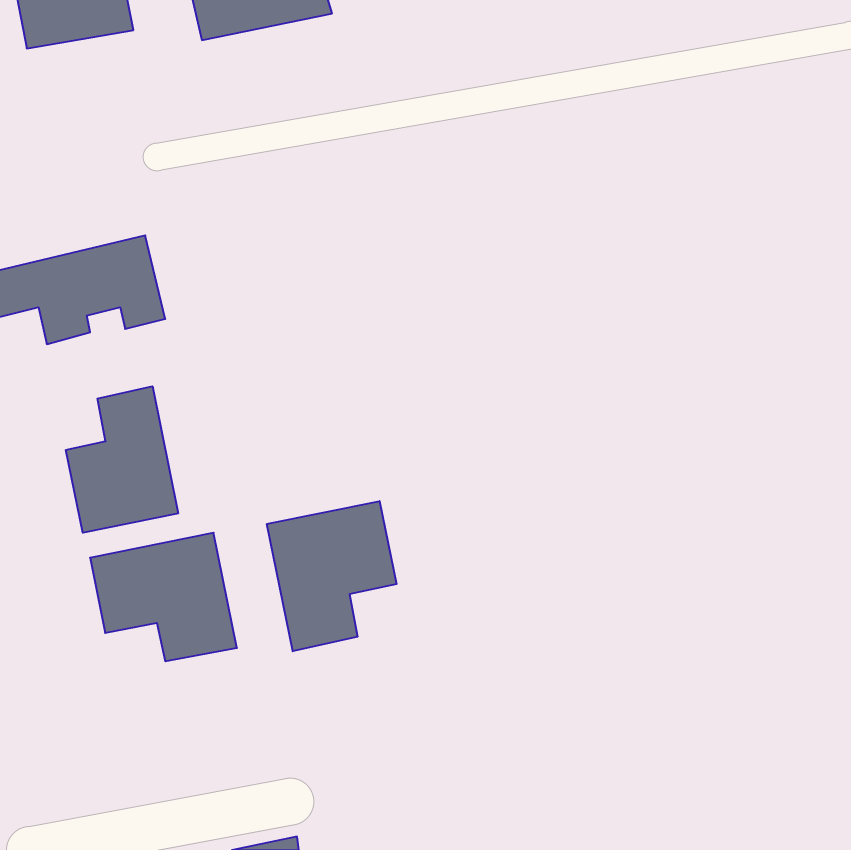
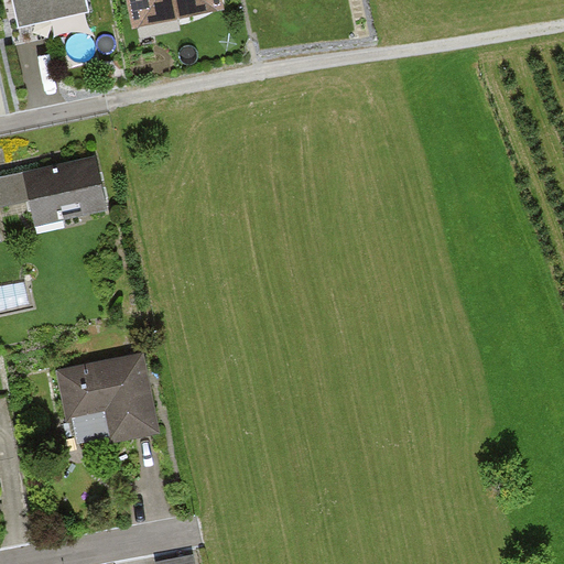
building: [66,386,178,533] -> none
building: [267,501,397,651] -> none

